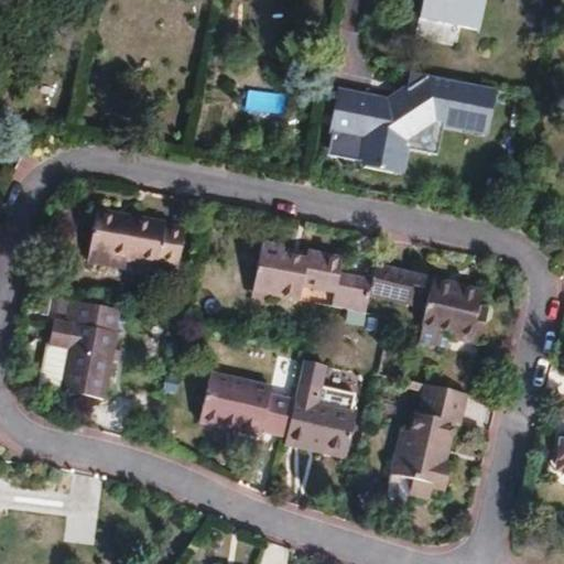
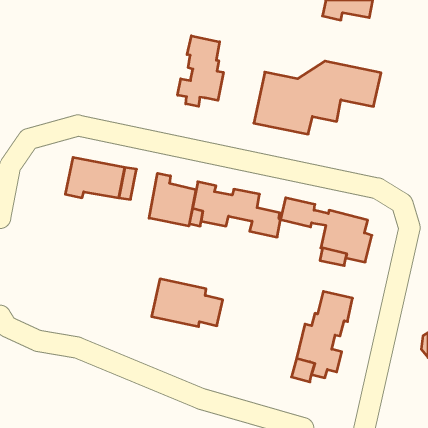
building: none -> [178,36,223,106]
building: none -> [149,173,196,226]
building: [41,297,120,398] -> none
building: [282,358,355,448] -> none

